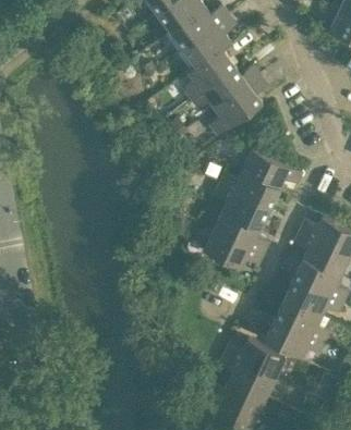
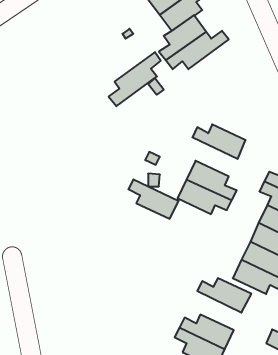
building: [209,75,267,135] -> [109,52,161,106]
building: [242,148,302,186] -> none
building: [215,183,270,226] -> [128,179,179,219]
building: [220,353,275,396] -> none

